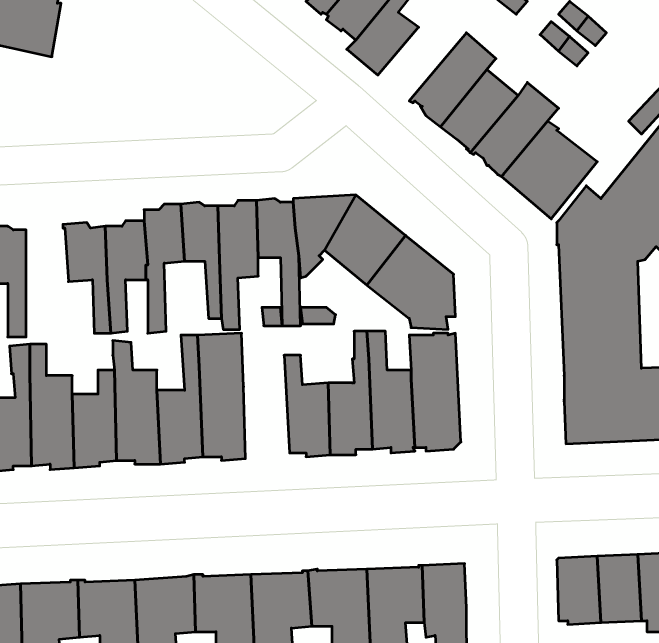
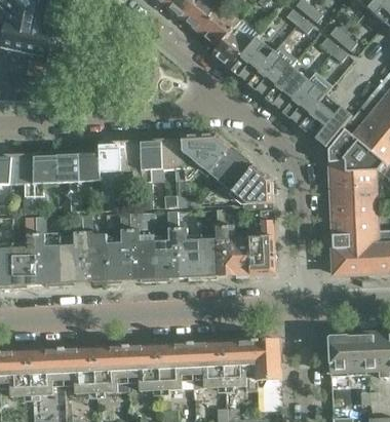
building: none -> [229,35,273,81]
building: none -> [33,150,56,213]
building: none -> [154,210,180,280]

